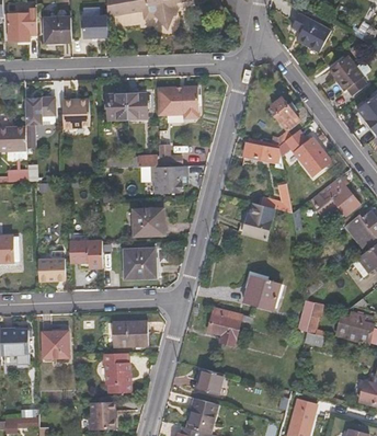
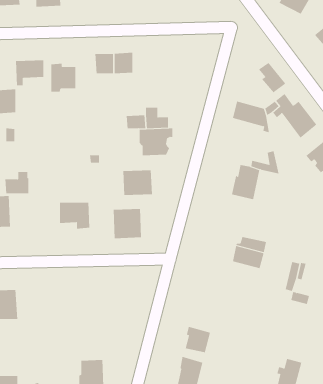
building: [156,88,197,119] -> none
building: [37,252,62,275] -> [4,171,29,194]
building: [208,308,251,344] -> none
building: [112,322,147,346] -> none
building: [41,331,68,358] -> none
building: [102,353,129,393] -> none

